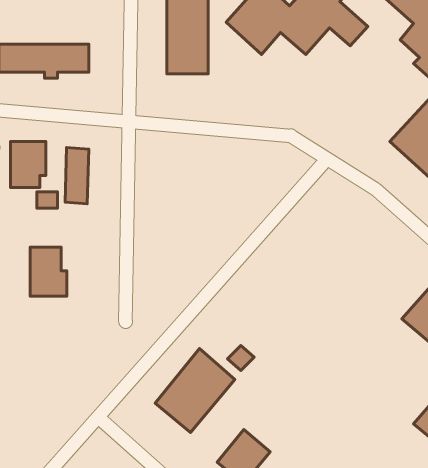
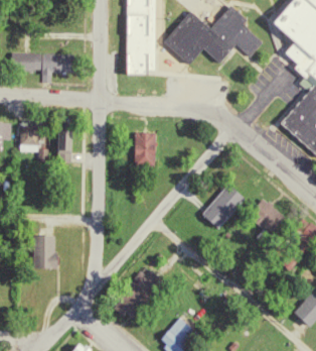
building: none -> [139,138,160,171]
building: none -> [199,183,245,230]
building: [30,247,67,296] -> [31,237,56,270]
building: none -> [252,198,287,232]

